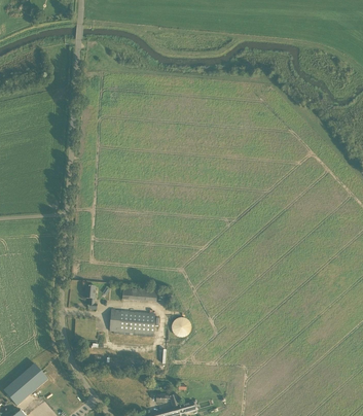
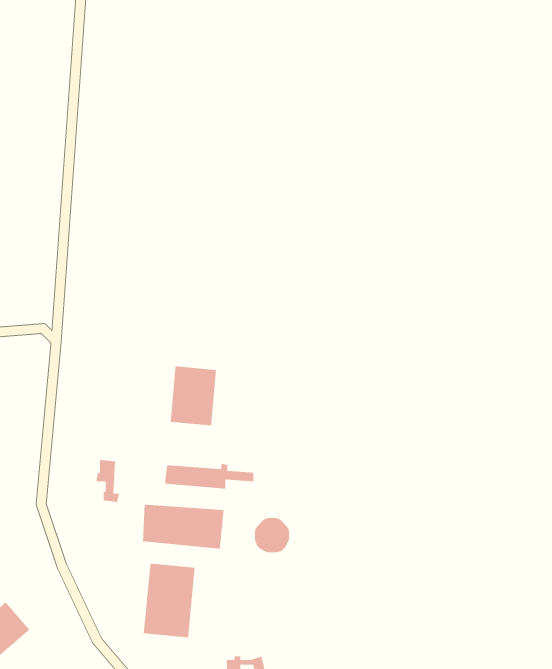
building: none -> [170,366,217,426]
building: none -> [143,563,195,638]

